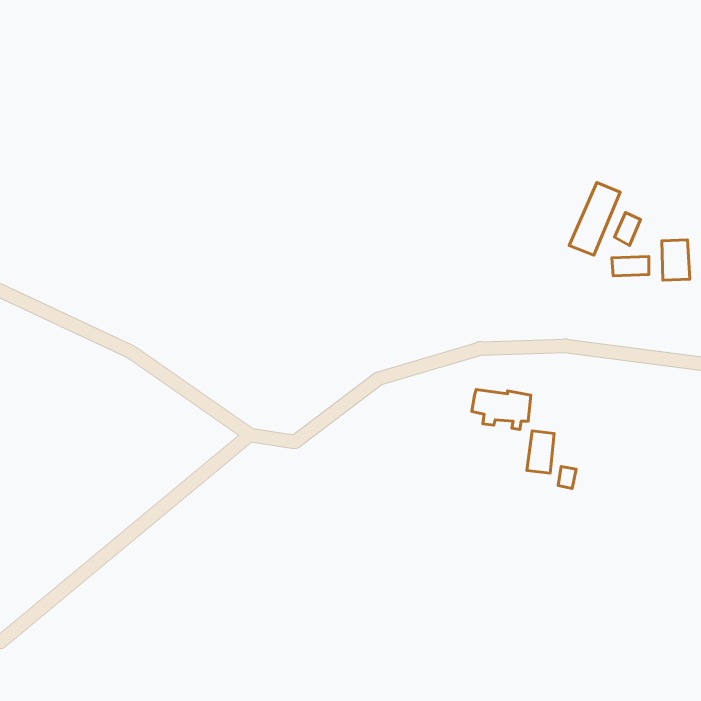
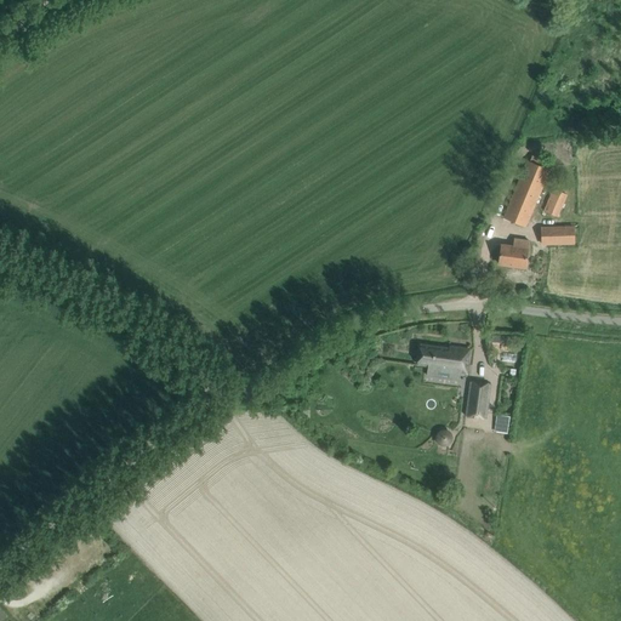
building: [662,240,690,280] -> none
building: none -> [498,238,529,267]

